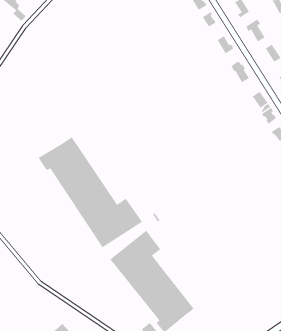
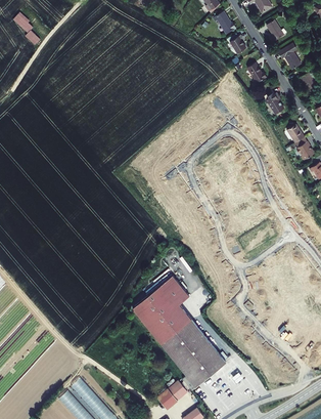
building: [38,137,143,248] -> none

